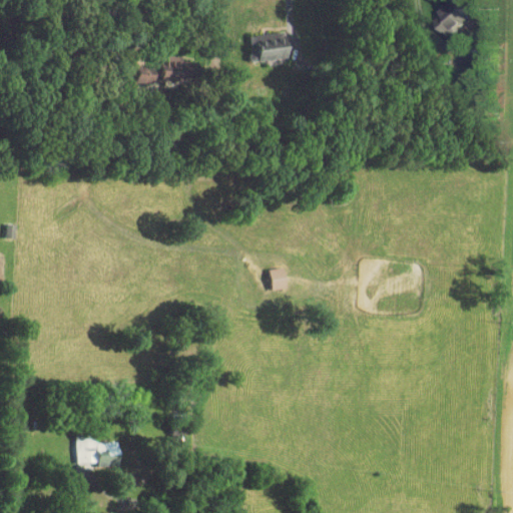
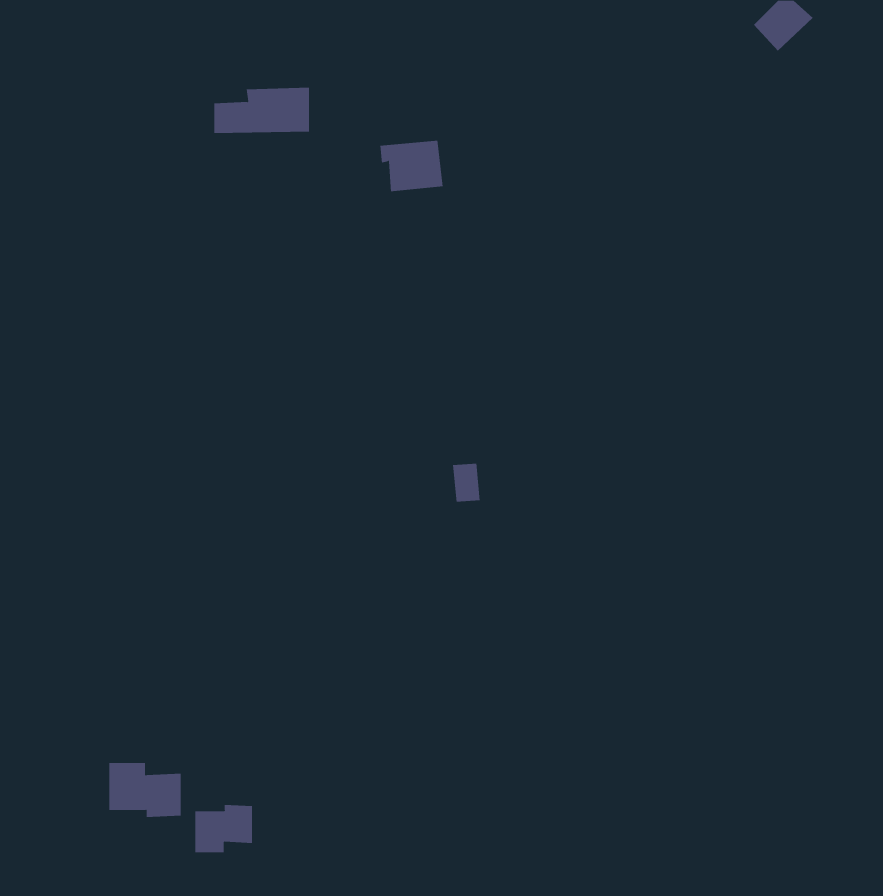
building: [249,33,286,62] -> [379,140,443,192]
building: none -> [195,804,252,853]

